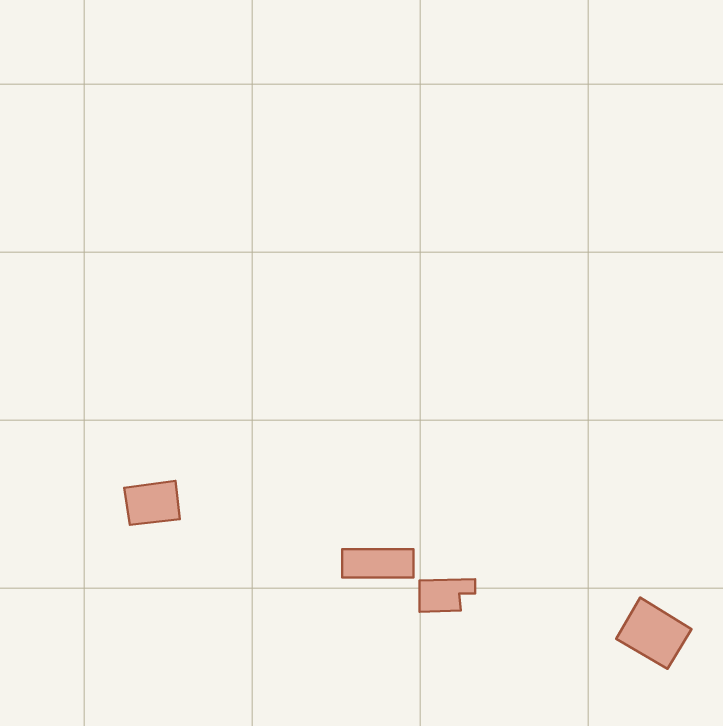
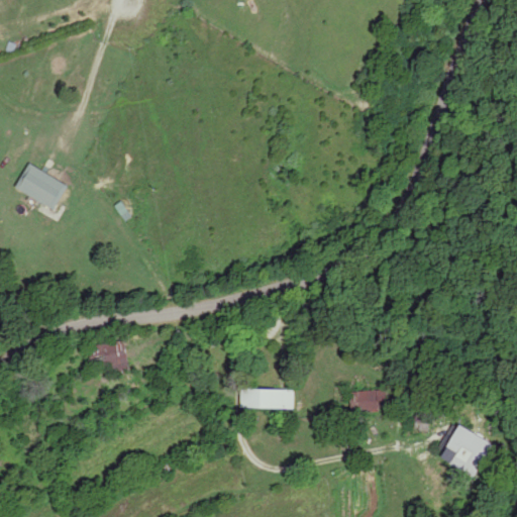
building: none -> [16,163,69,209]
building: [419,579,475,612] -> [349,390,389,413]

